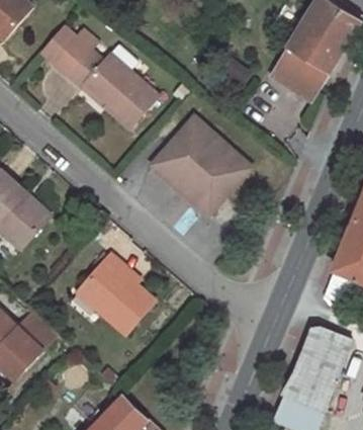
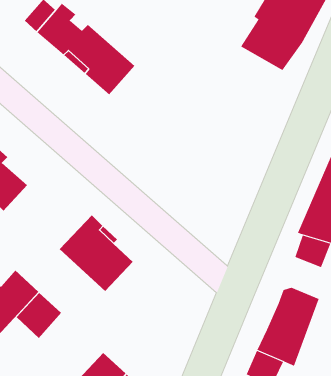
building: [153,117,251,214] -> none
building: none -> [16,292,62,339]

